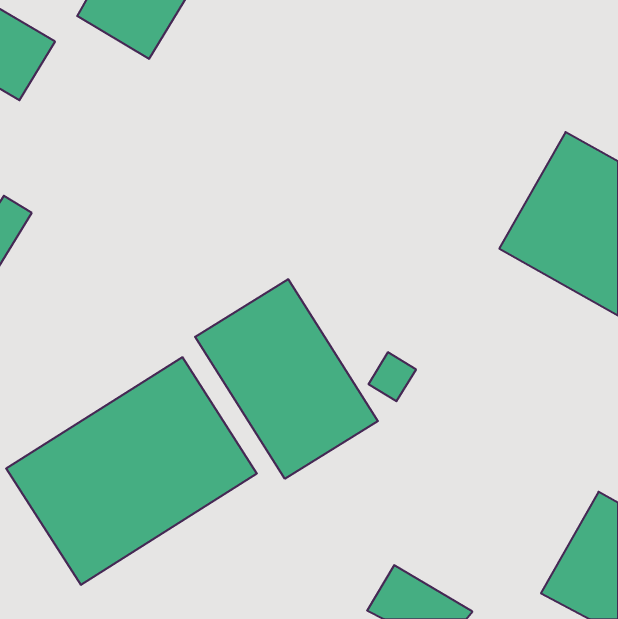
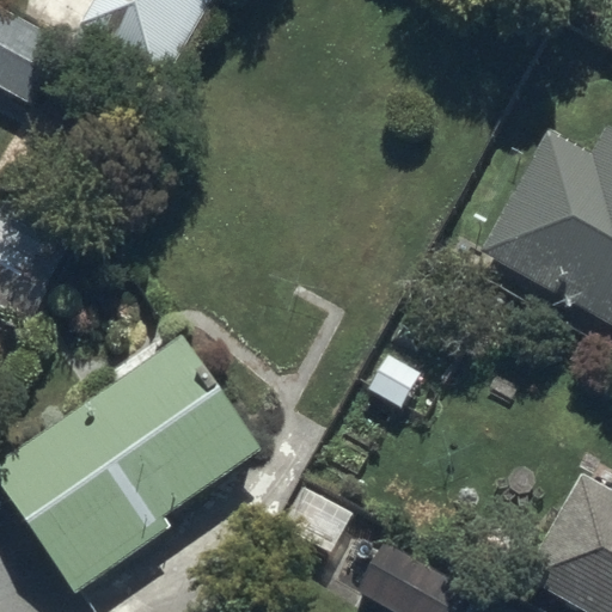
building: [195,279,378,479] -> none

